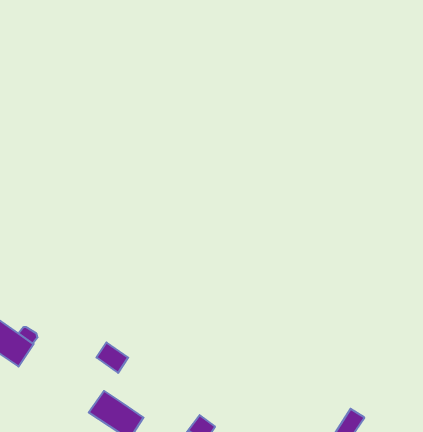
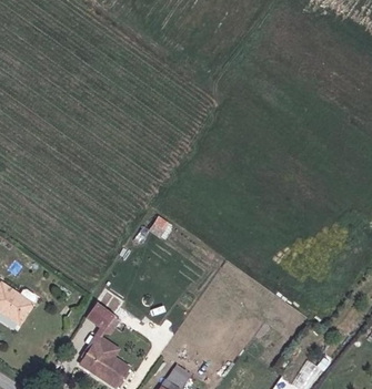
building: none -> [90,316,119,356]

